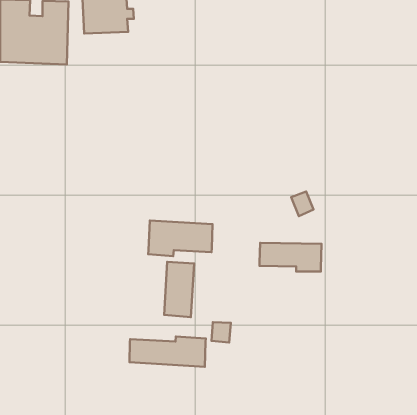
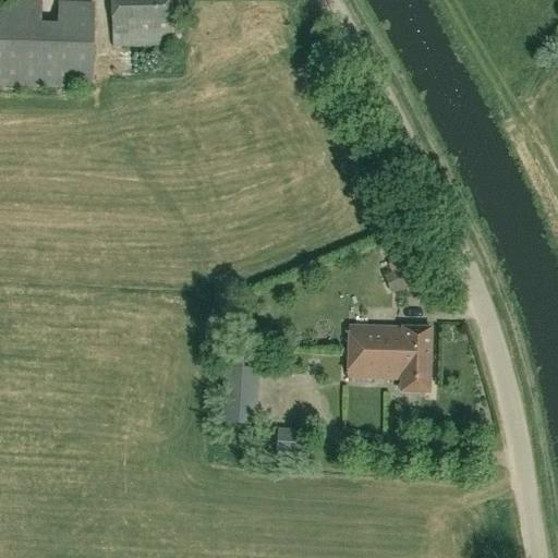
building: [148,220,213,256] -> none
building: none -> [345,355,428,390]
building: [129,336,206,367] -> none

